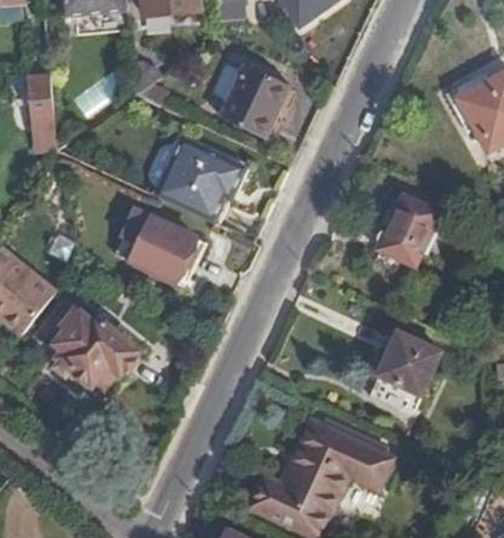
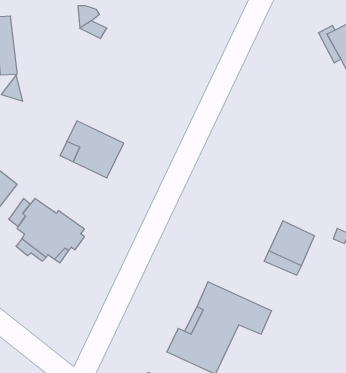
building: [217,60,287,134] -> none
building: [158,140,247,224] -> none
building: [374,193,439,265] -> none

